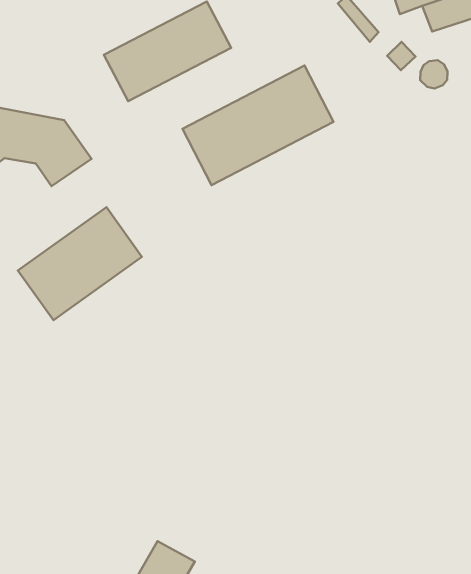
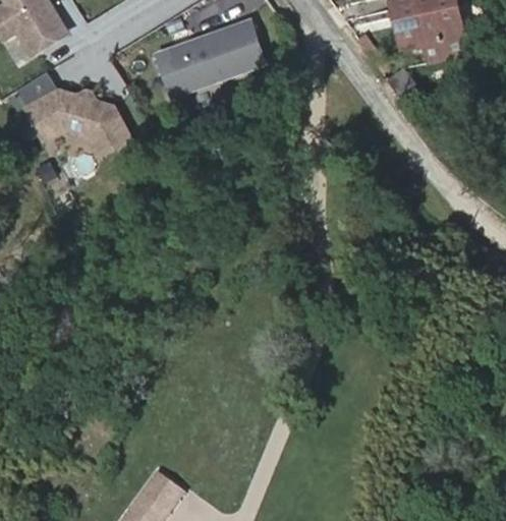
building: [182,65,334,185] -> none
building: [18,207,142,320] -> none

